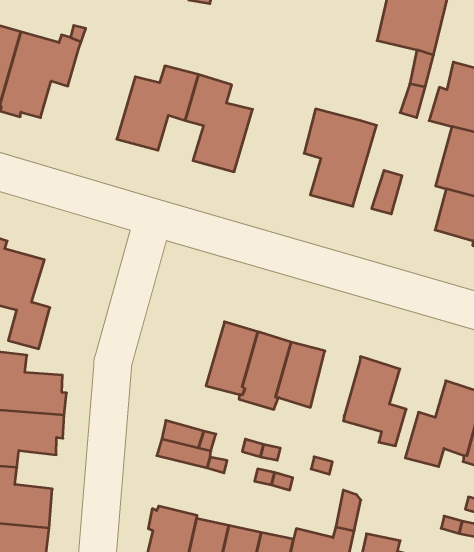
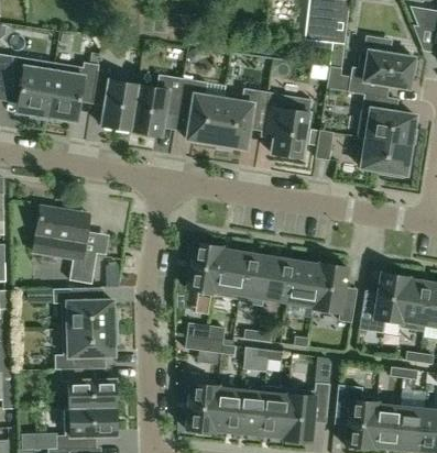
building: none -> [91,70,138,131]
building: none -> [215,89,266,151]
building: none -> [185,243,220,297]
building: none -> [287,262,318,306]

